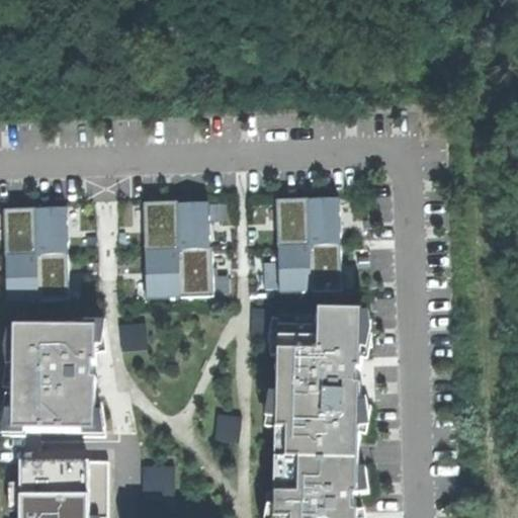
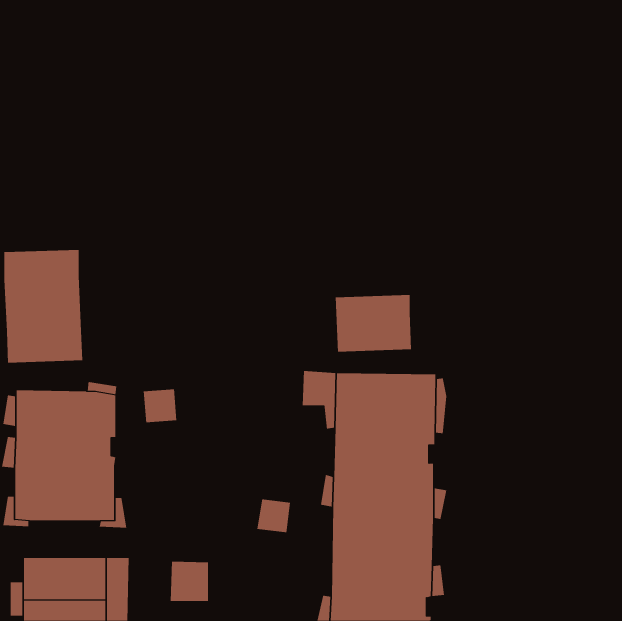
building: [275,197,340,246] -> none
building: [143,200,212,298] -> none

